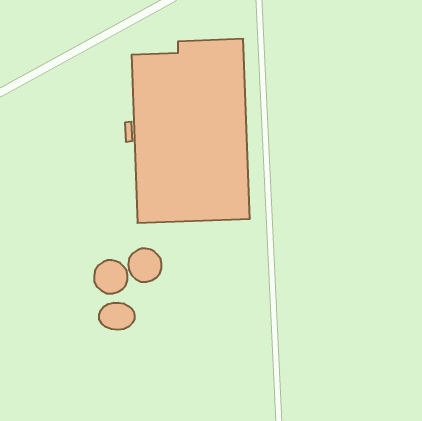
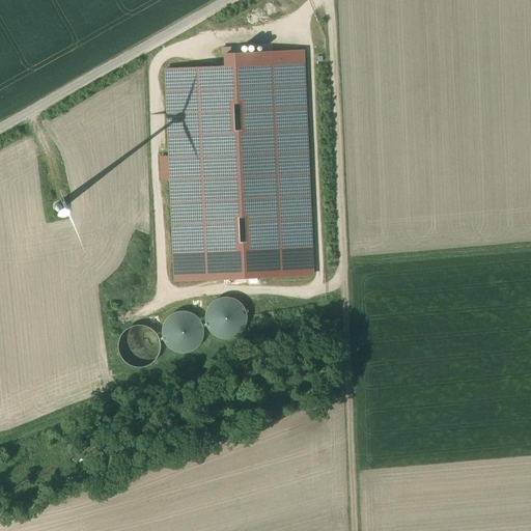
building: none -> [204,297,246,338]
building: [99,303,135,330] -> none

